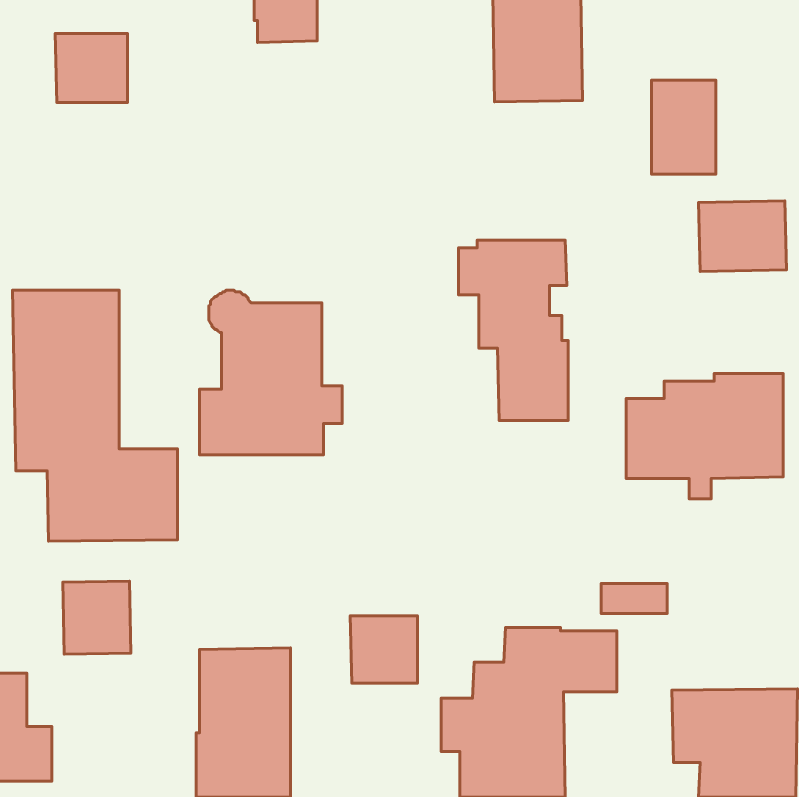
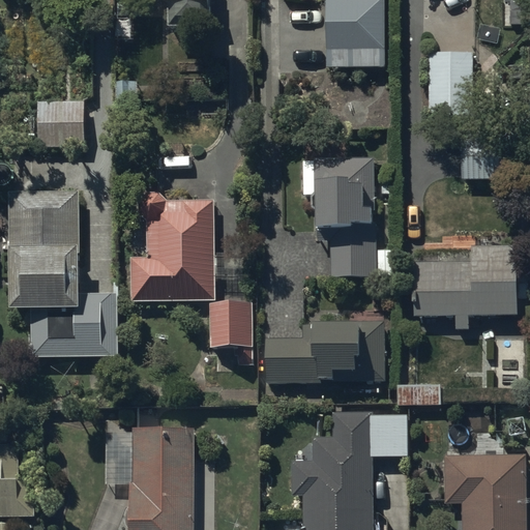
building: [55,34,127,103] -> [35,98,83,144]
building: none -> [210,303,252,347]
building: none -> [314,308,384,381]
building: [63,581,131,654] -> none
building: [350,616,418,683] -> [265,337,310,382]

